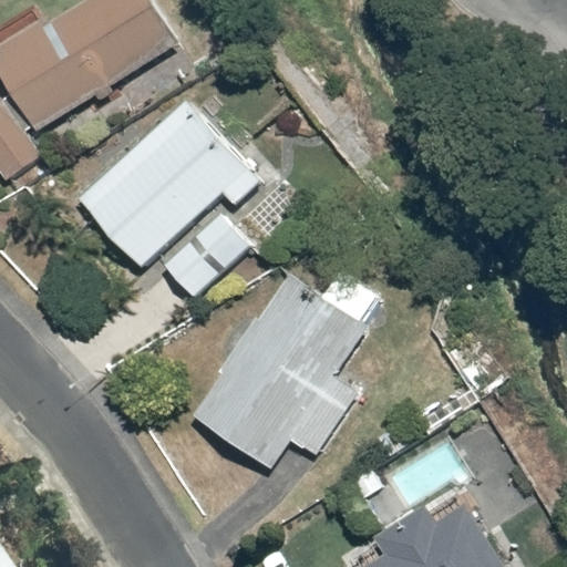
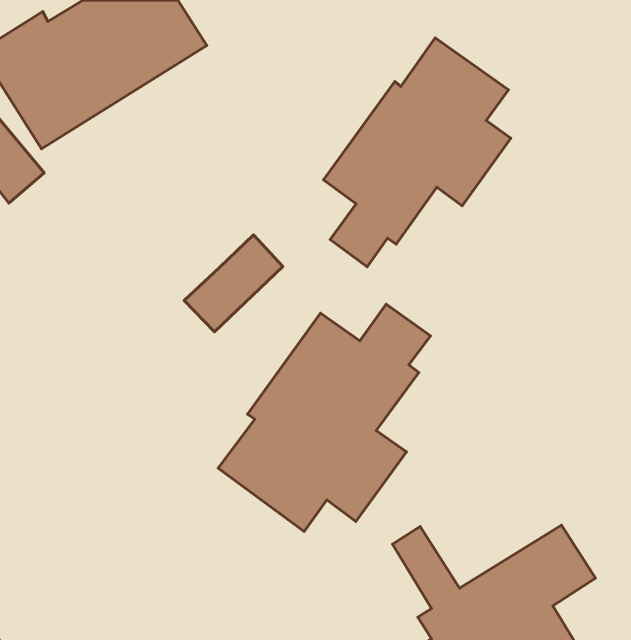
building: none -> [324,38,511,267]
building: [76,97,260,268] -> none

